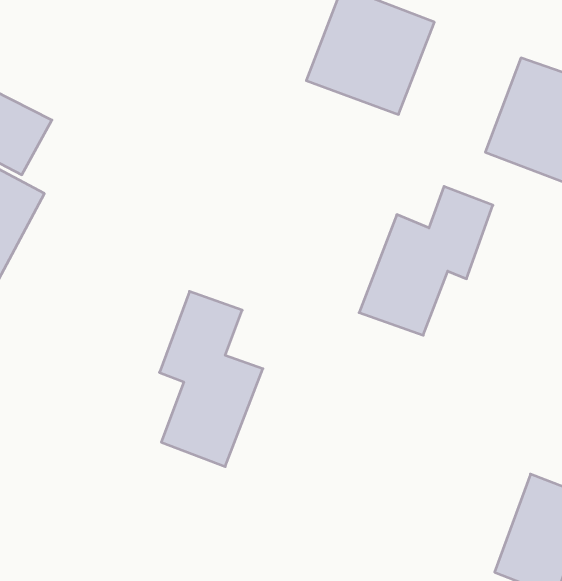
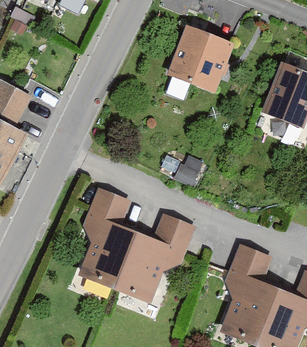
building: [359,186,493,335] -> [123,212,194,291]
building: none -> [230,242,285,335]

